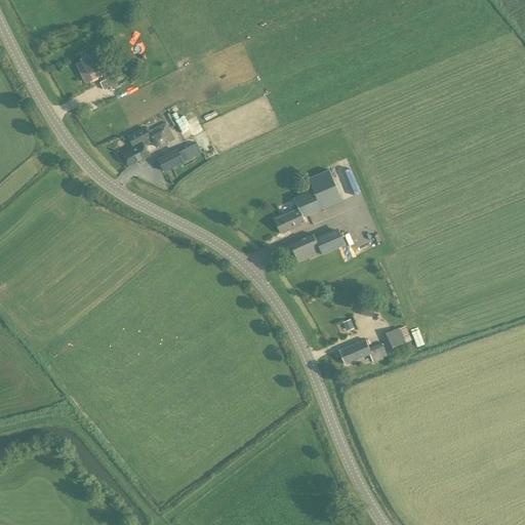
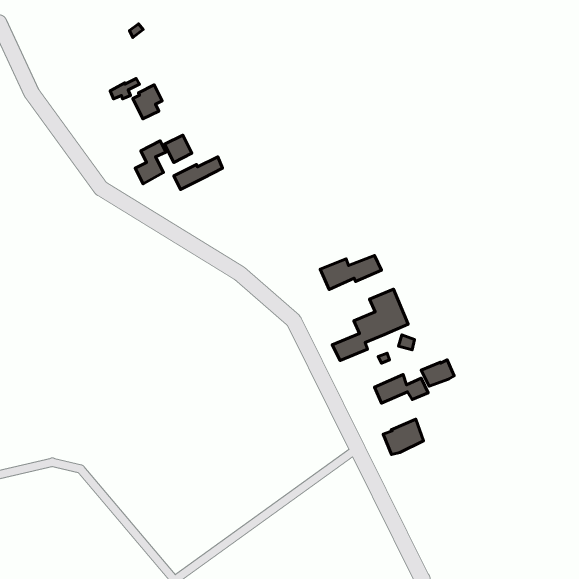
building: [75,51,102,82] -> [133,85,162,119]
building: [273,168,341,233] -> [332,289,408,361]
building: none -> [383,419,423,455]

